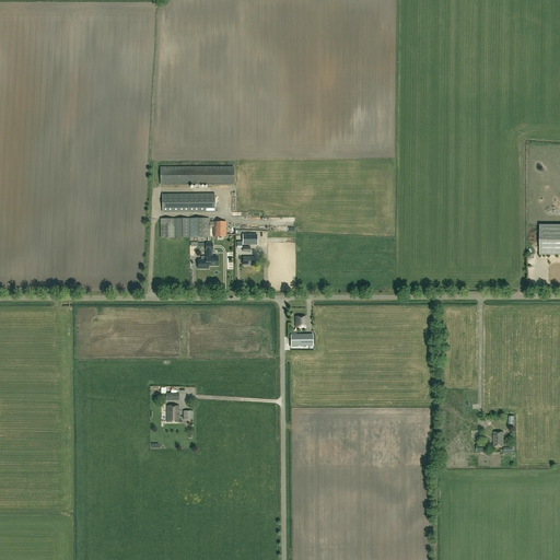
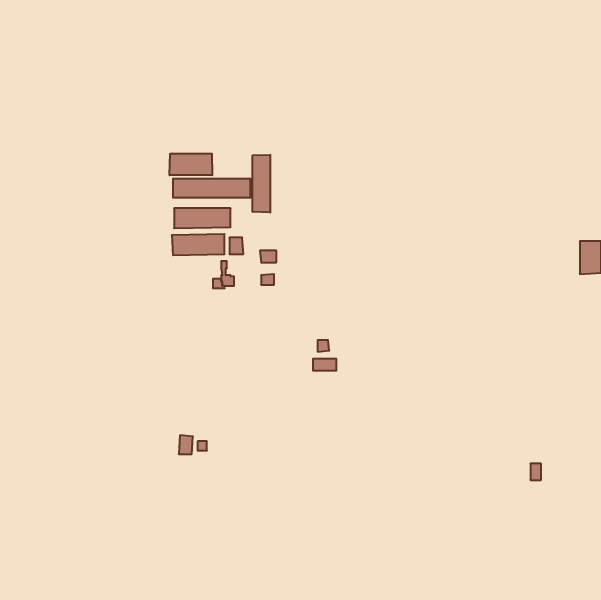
building: none -> [170,154,212,175]
building: none -> [253,155,270,213]

